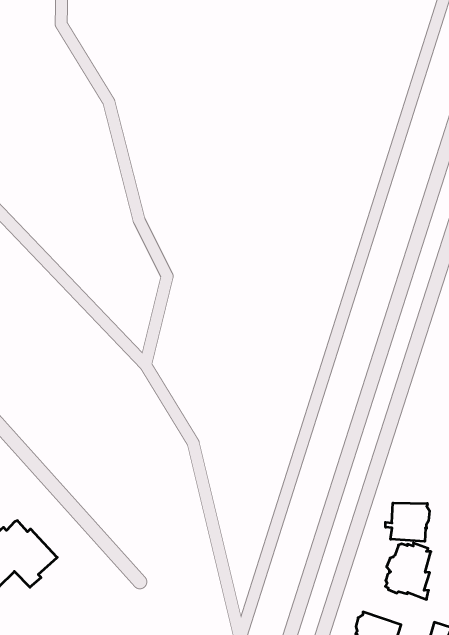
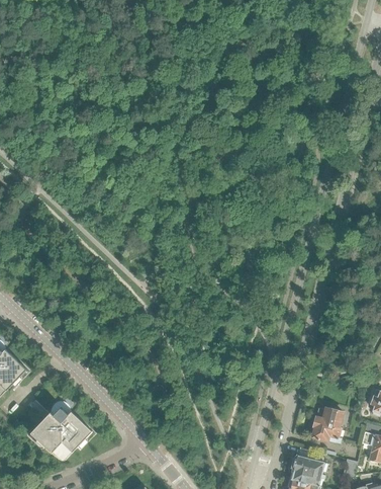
building: [385,503,430,541] -> none

